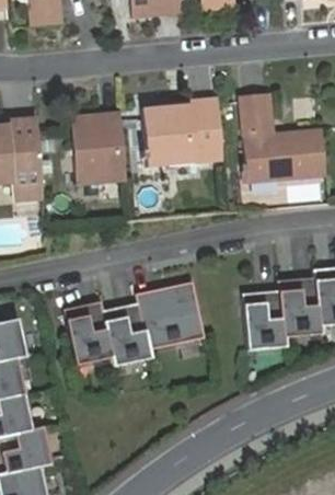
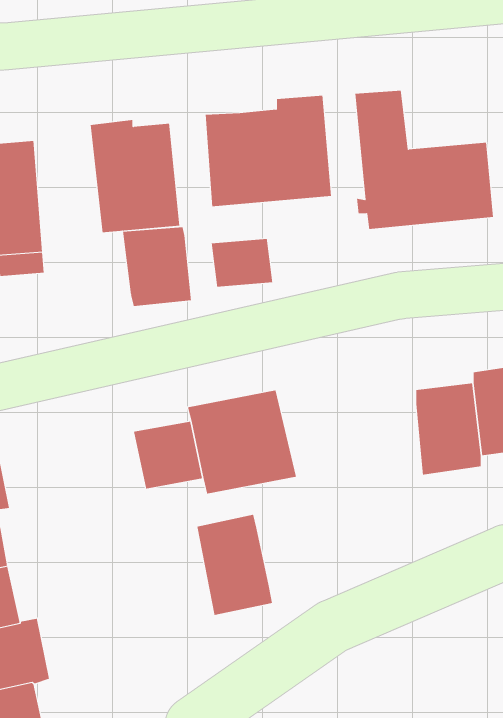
building: none -> [123,226,192,307]
building: none -> [211,238,273,288]
building: [241,290,284,352] -> none
building: [62,299,111,362] -> [196,514,273,615]

